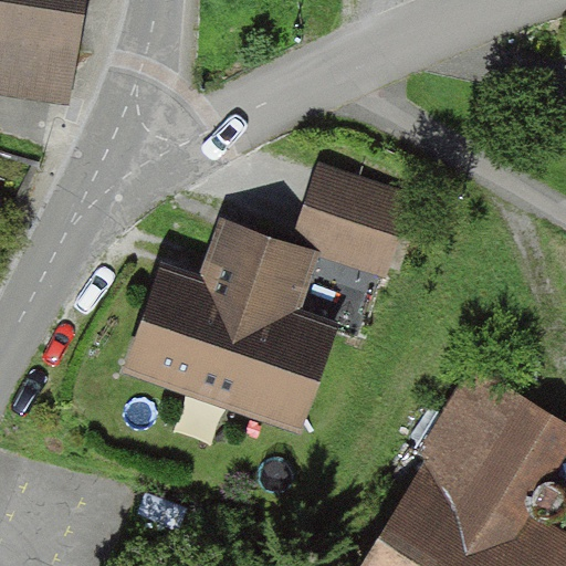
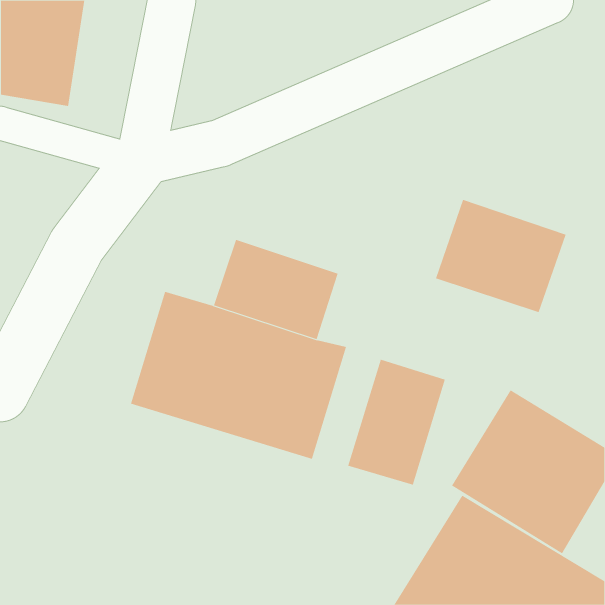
building: [295,163,418,269] -> [435,199,567,313]
building: none -> [348,359,445,486]

